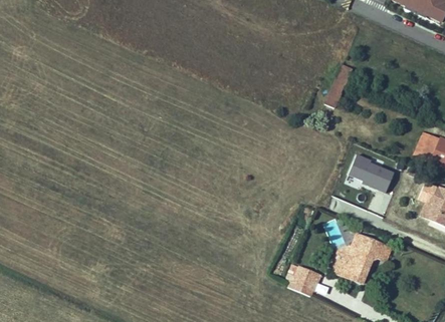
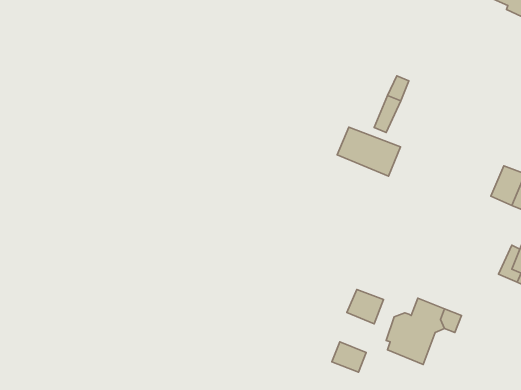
building: [347,153,395,191] -> [337,127,401,176]
building: none -> [347,289,384,324]

